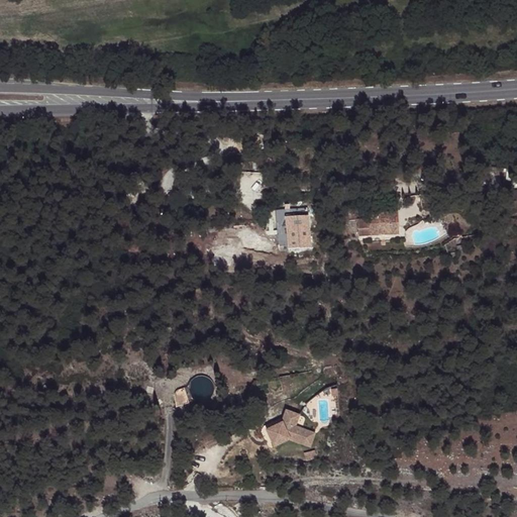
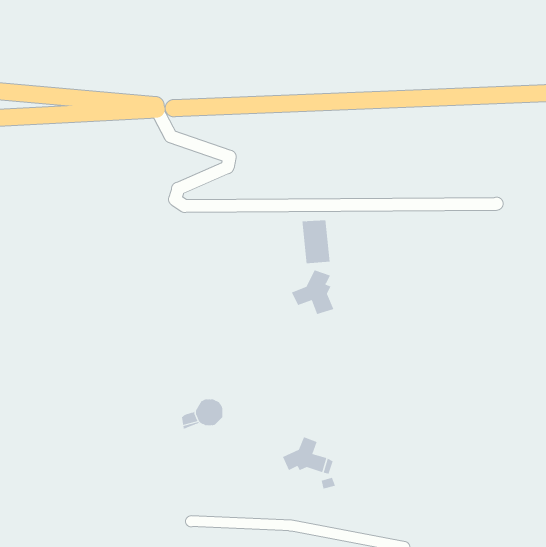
building: [356,211,399,234] -> none
building: none -> [291,270,334,315]

